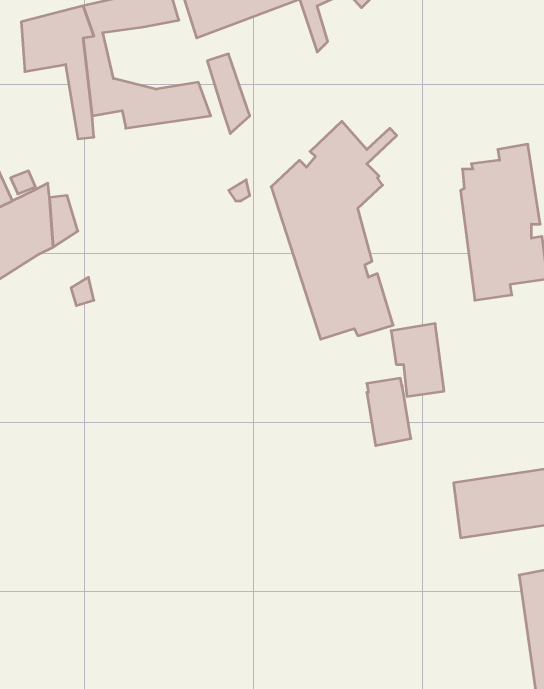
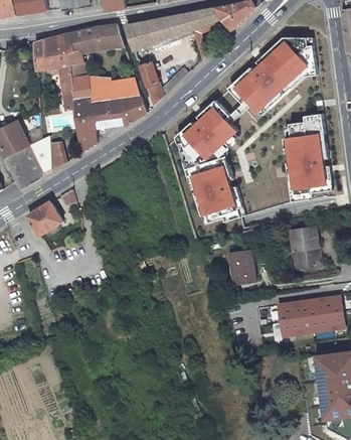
building: none -> [228,37,317,115]
building: none -> [73,94,147,153]
building: none -> [27,201,62,237]
building: [391,324,444,396] -> [290,227,320,268]

